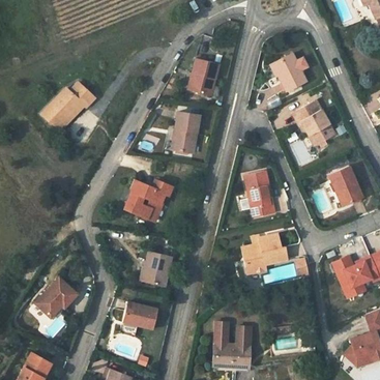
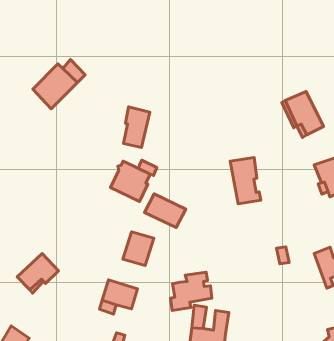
building: [272,55,308,91] -> none
building: [192,58,220,96] -> none
building: [175,112,200,152] -> [123,107,150,148]
building: none -> [144,194,186,228]
building: [245,233,287,273] -> [171,272,212,310]

